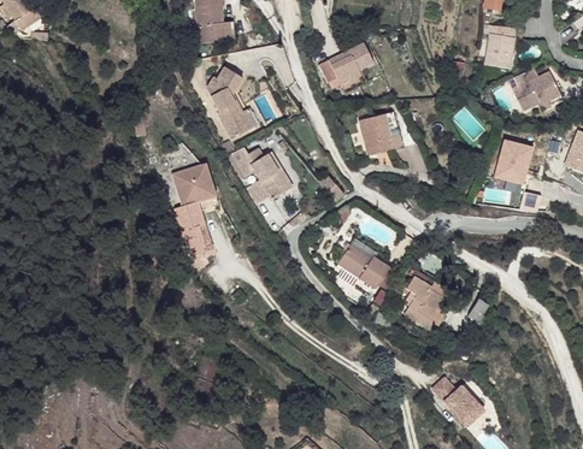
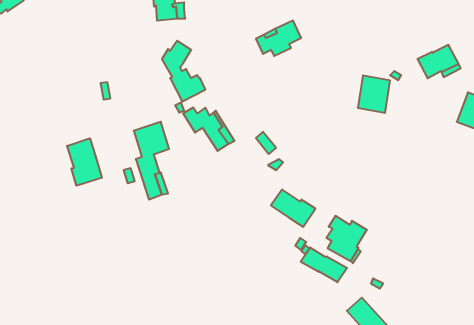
building: [483,24,517,67] -> none
building: [358,111,404,154] -> none
building: [493,138,531,183] -> [358,75,390,113]
building: none -> [67,138,102,186]
building: none -> [301,247,347,282]

